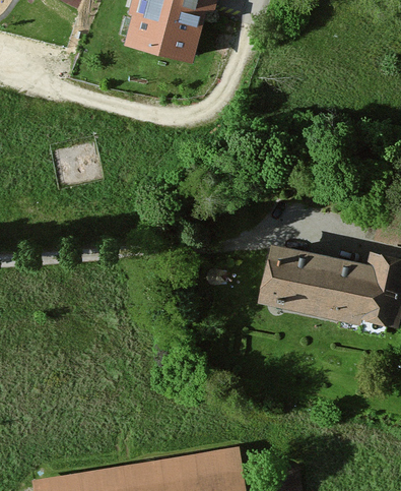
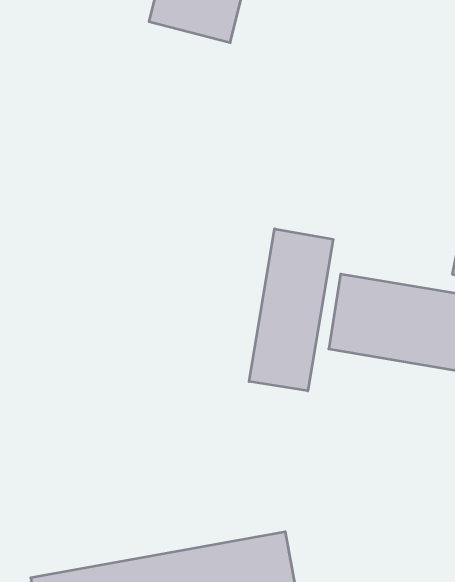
building: none -> [249,229,333,391]

